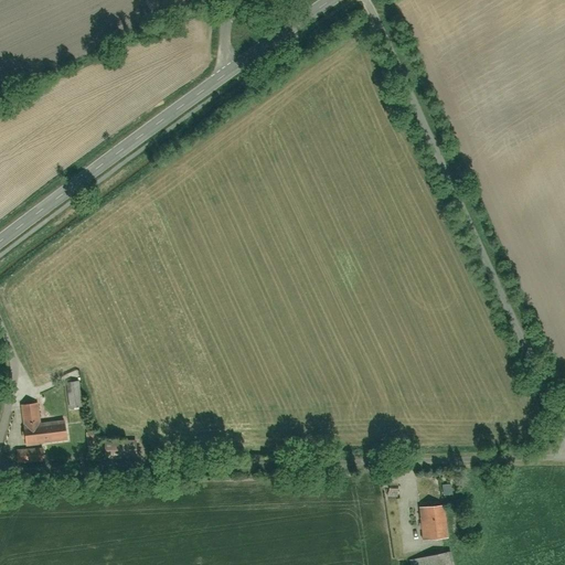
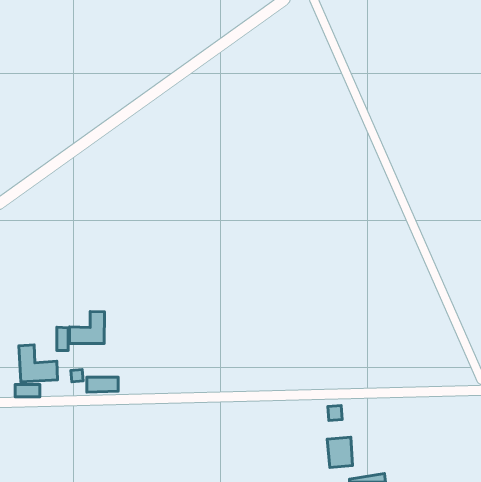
building: none -> [69,312,104,344]
building: [418,503,448,539] -> [327,437,353,467]

